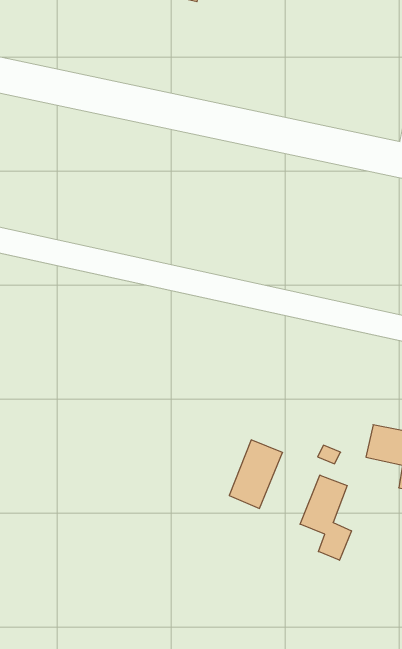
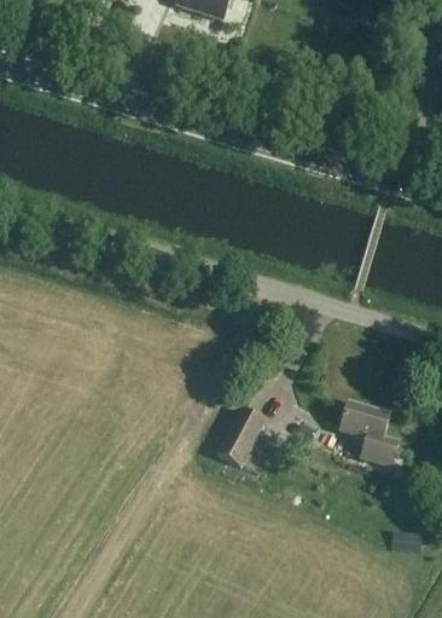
building: [300,475,351,560] -> none

